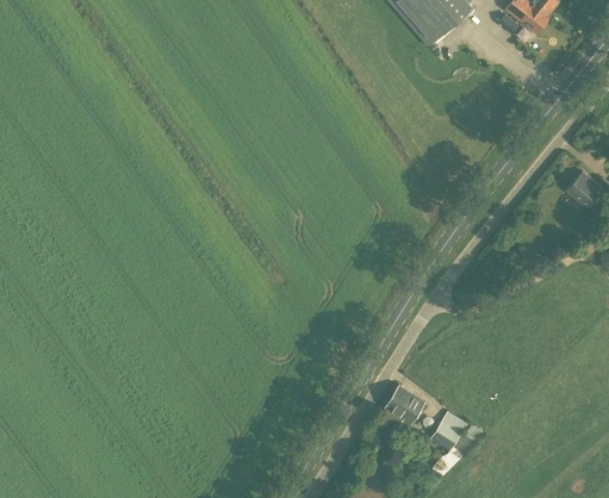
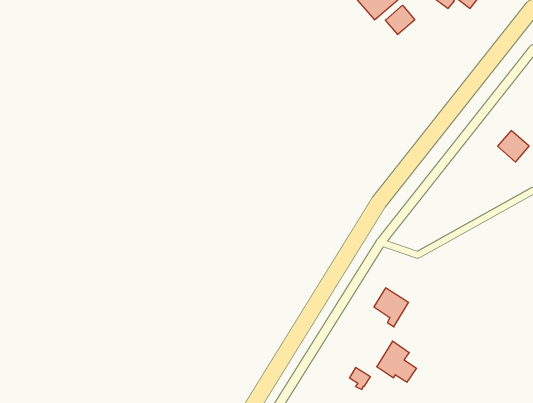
building: none -> [385,5,415,35]
building: [385,386,424,430] -> [374,288,409,327]

